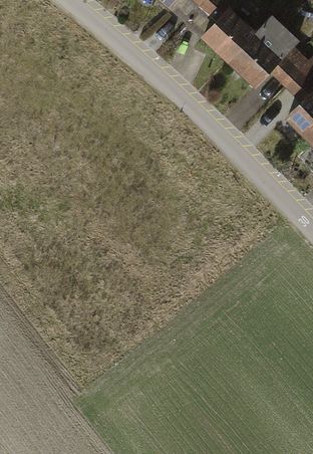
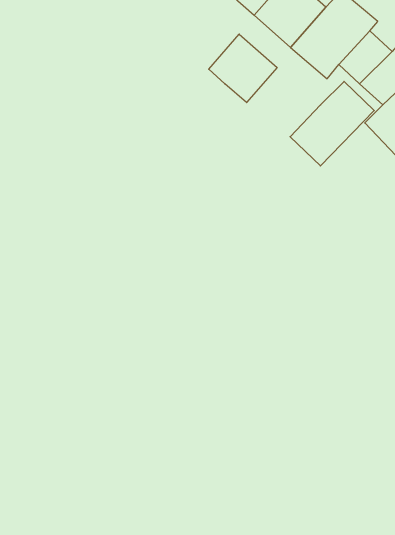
building: none -> [209,34,277,103]
building: none -> [290,81,374,166]

